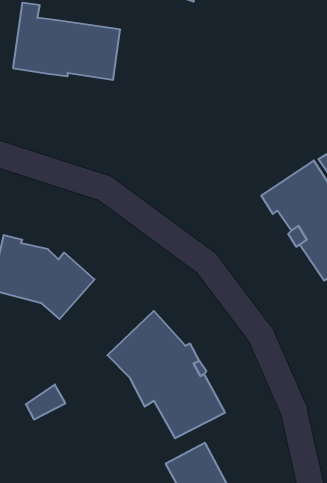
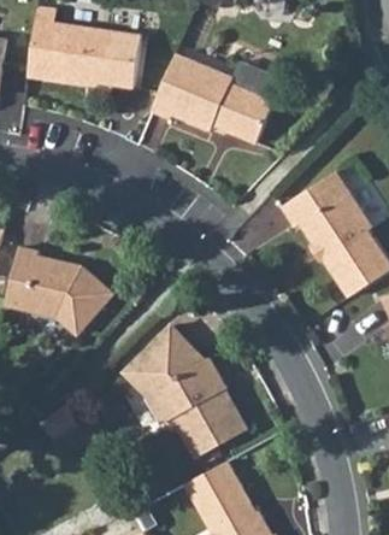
building: none -> [151,54,282,145]

